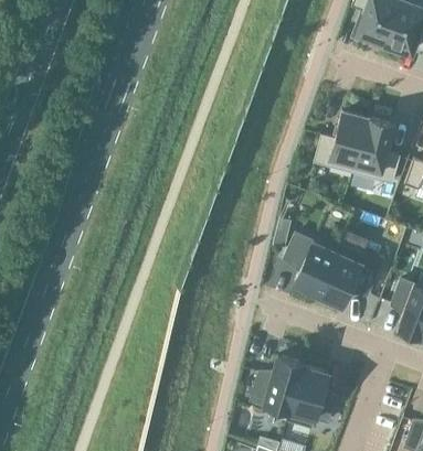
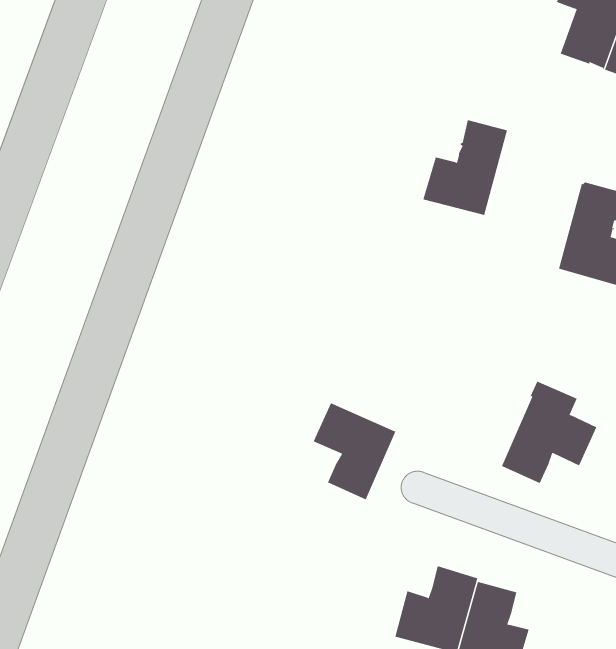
building: [315,114,368,173] -> [423,120,508,216]
building: [285,235,337,296] -> [313,402,396,500]

